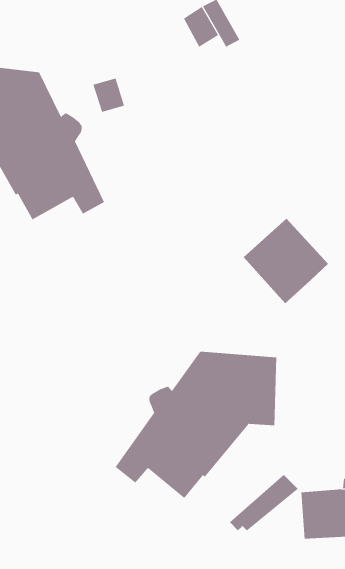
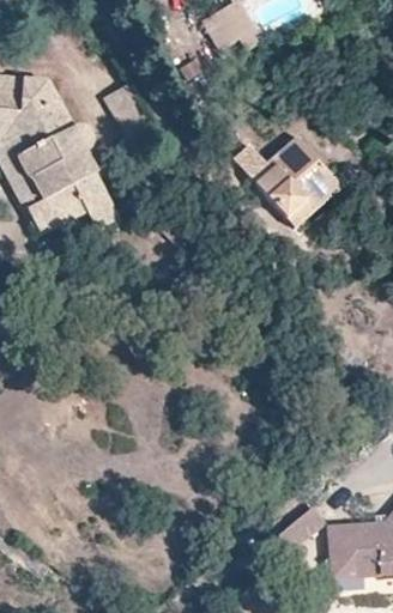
building: [243,218,329,304] -> [249,135,341,227]
building: [115,351,277,499] -> none

